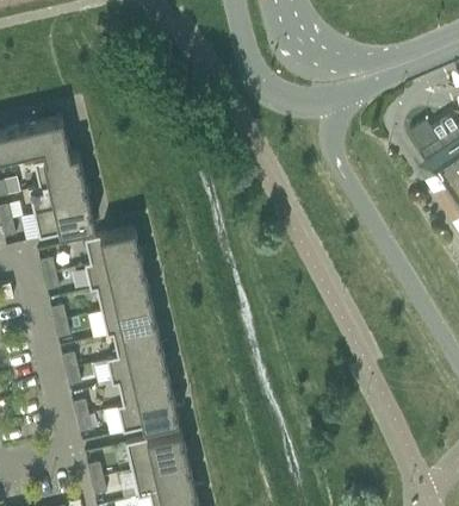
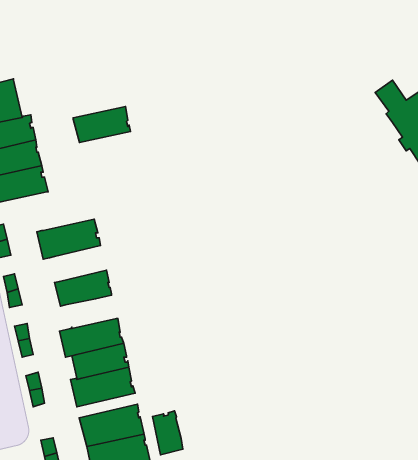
building: [83,229,138,263] -> [73,107,130,143]
building: [95,277,150,313] -> none
building: [111,324,161,357] -> none
building: none -> [152,411,183,455]

